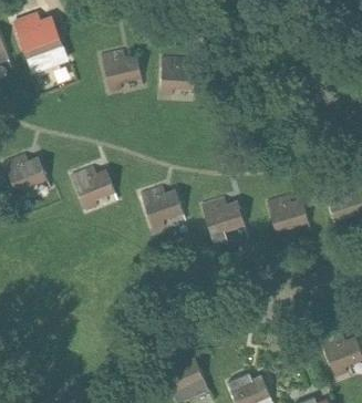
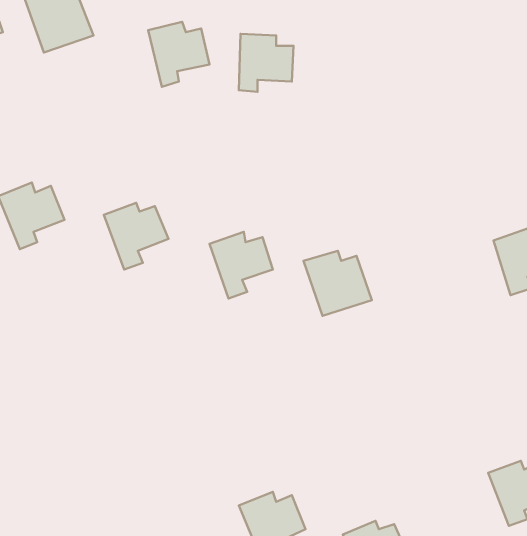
building: [268,197,309,239] -> none

